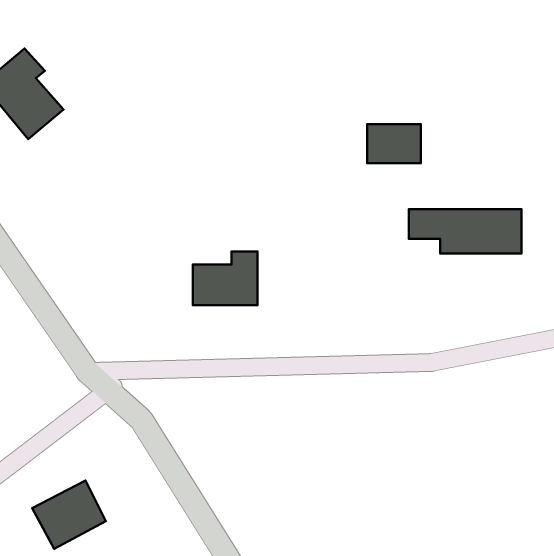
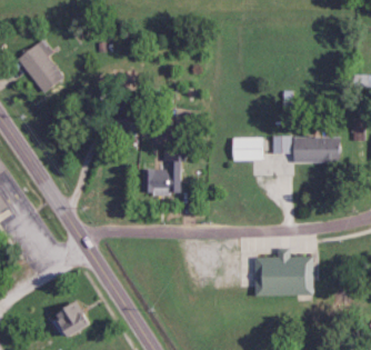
building: [367,124,421,163] -> [231,138,263,161]
building: none -> [253,249,311,296]

